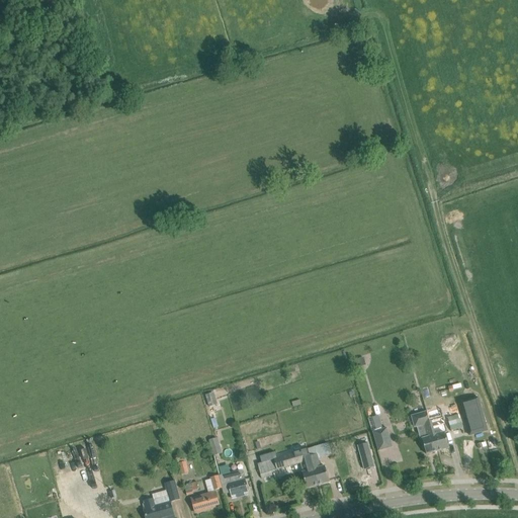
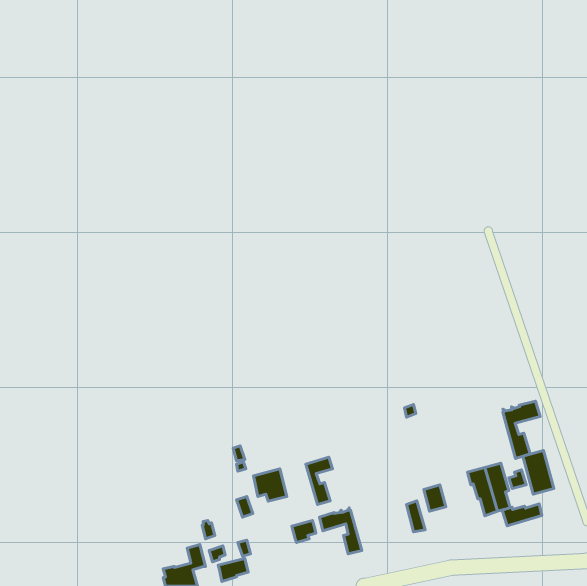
building: none -> [503,401,540,458]
building: [309,443,332,485] -> [306,457,332,504]
building: none -> [502,504,542,526]
building: [220,469,249,498] -> [253,469,287,501]

